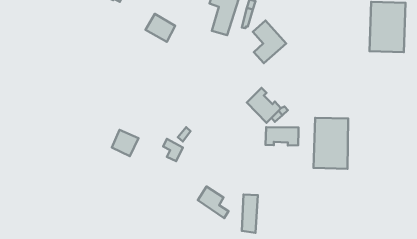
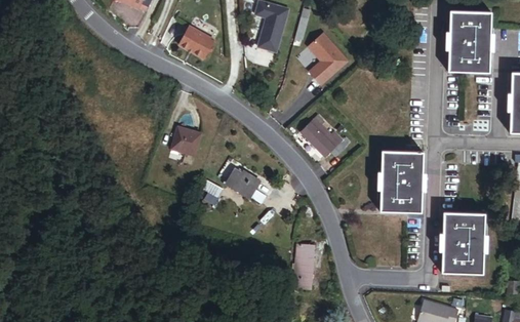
building: [266,127,299,145] -> none
building: [112,130,138,156] -> [174,125,206,157]
building: none -> [442,212,484,274]
building: [198,187,229,218] -> [228,165,265,203]

